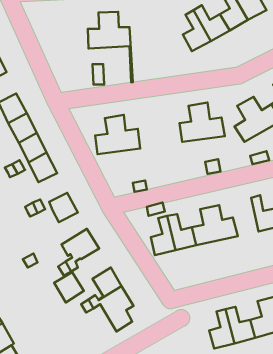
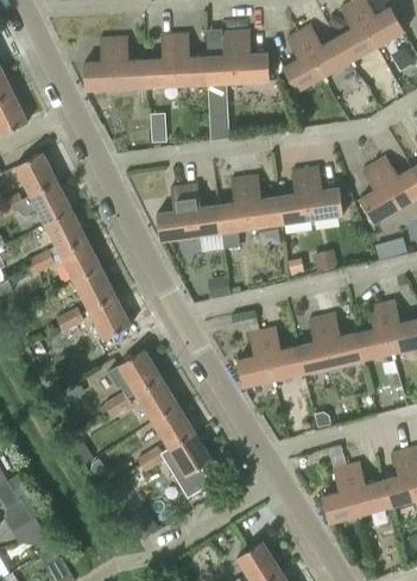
building: none -> [206,31,270,141]
building: none -> [83,38,146,90]
building: none -> [217,176,282,233]
building: none -> [74,269,115,310]
building: none -> [355,304,392,360]
building: [54,272,84,302] -> [135,378,178,422]

